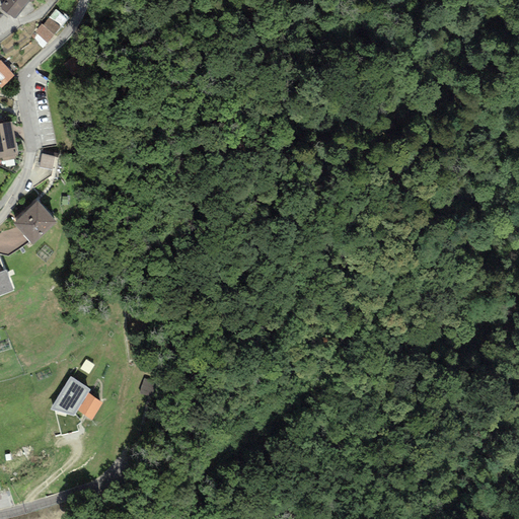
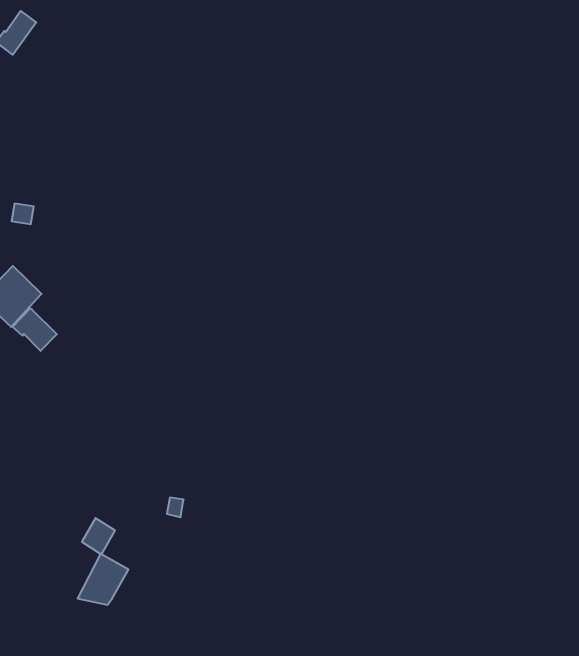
building: none -> [13,308,57,351]
building: [50,376,89,415] -> [77,554,129,605]

